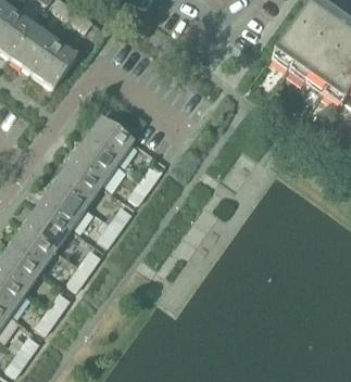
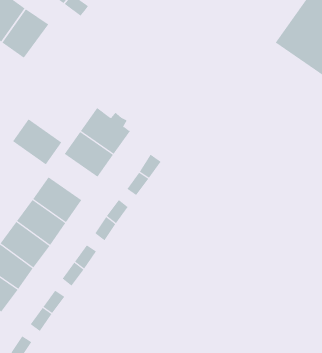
building: [32,37,77,86] -> none
building: [54,161,102,205] -> [12,119,62,165]

